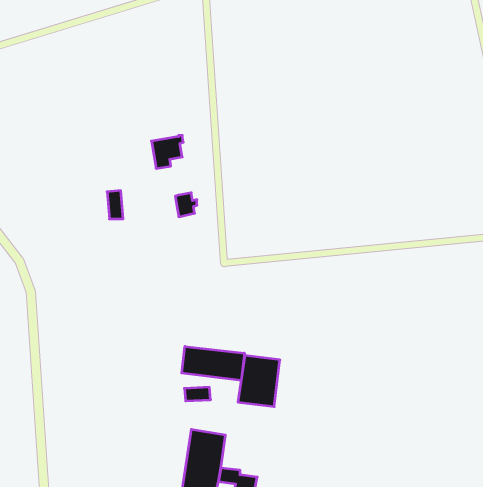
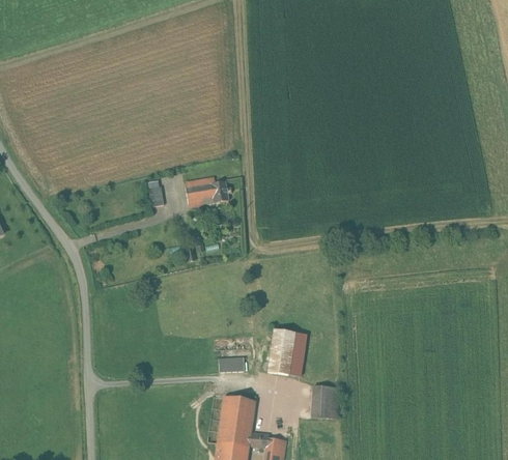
building: [151,135,183,168] -> [185,177,214,207]
building: [182,346,244,381] -> none
building: none -> [311,385,341,420]

